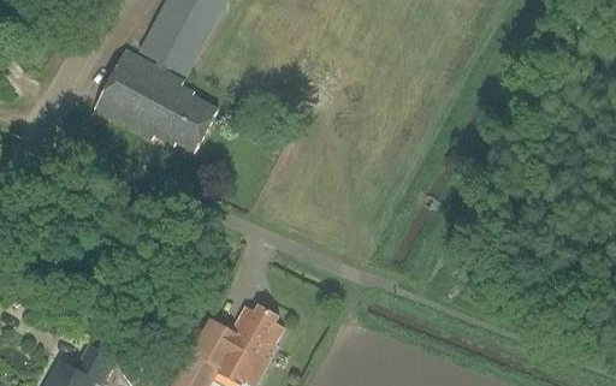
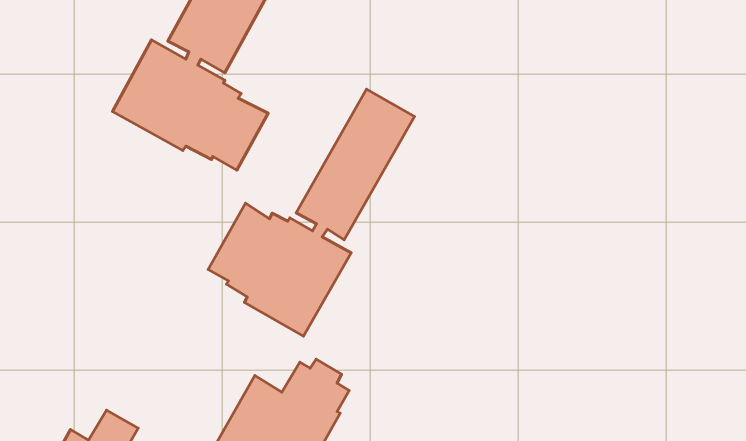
building: none -> [208,89,414,336]

